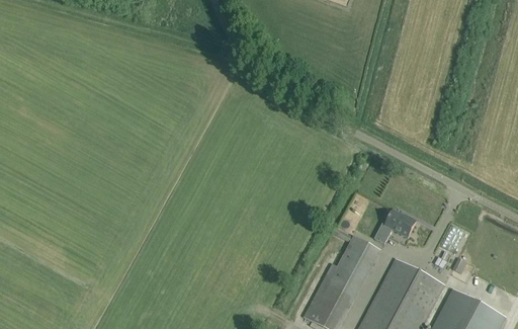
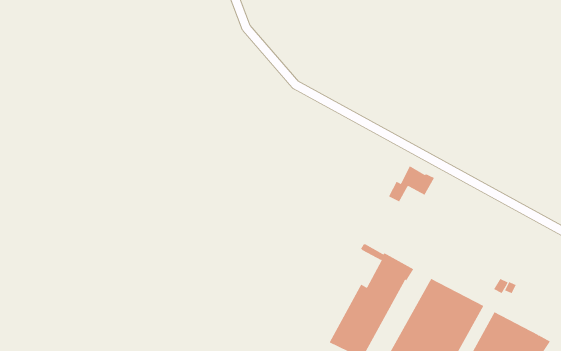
building: [373,211,416,244] -> [388,166,435,202]

